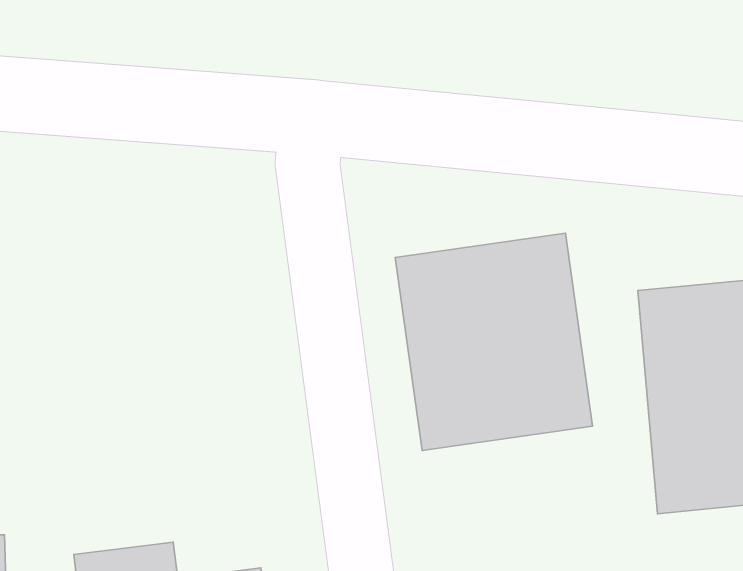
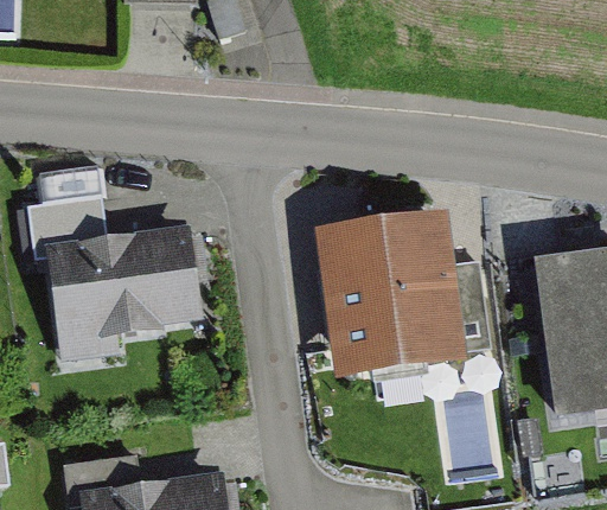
building: none -> [43,191,192,350]

